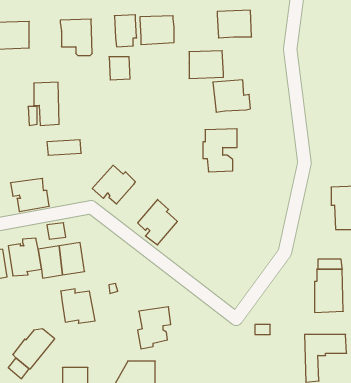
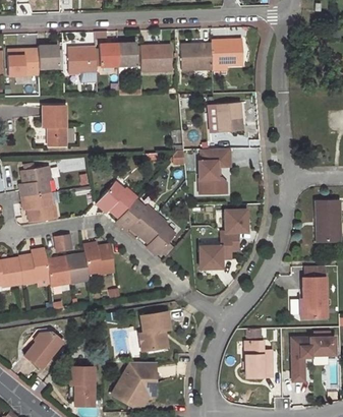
building: none -> [39,45,59,67]
building: [189,51,223,78] -> [181,43,213,68]
building: [109,57,130,80] -> [99,44,118,65]
building: none -> [20,166,51,197]
building: none -> [116,198,157,234]
building: none -> [202,210,249,267]
building: [61,289,95,323] -> [84,242,116,274]
building: none -> [245,341,272,376]

